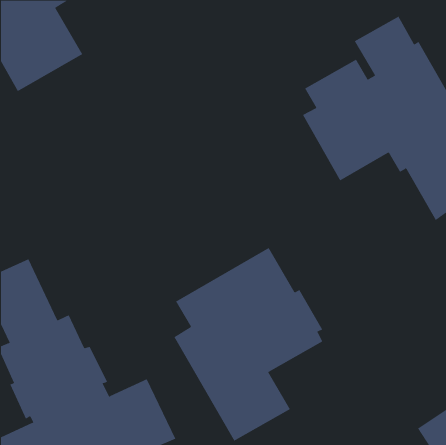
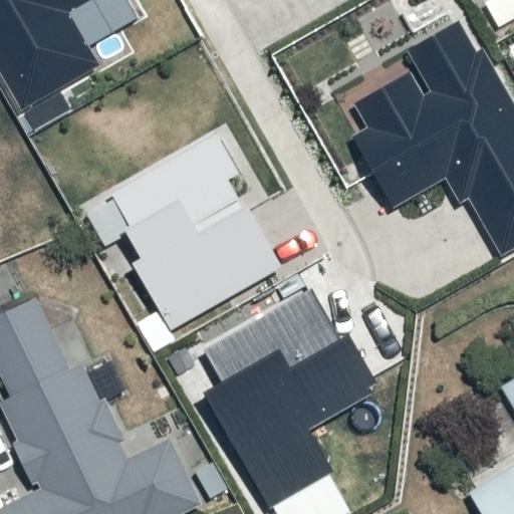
building: none -> [111,135,279,327]

